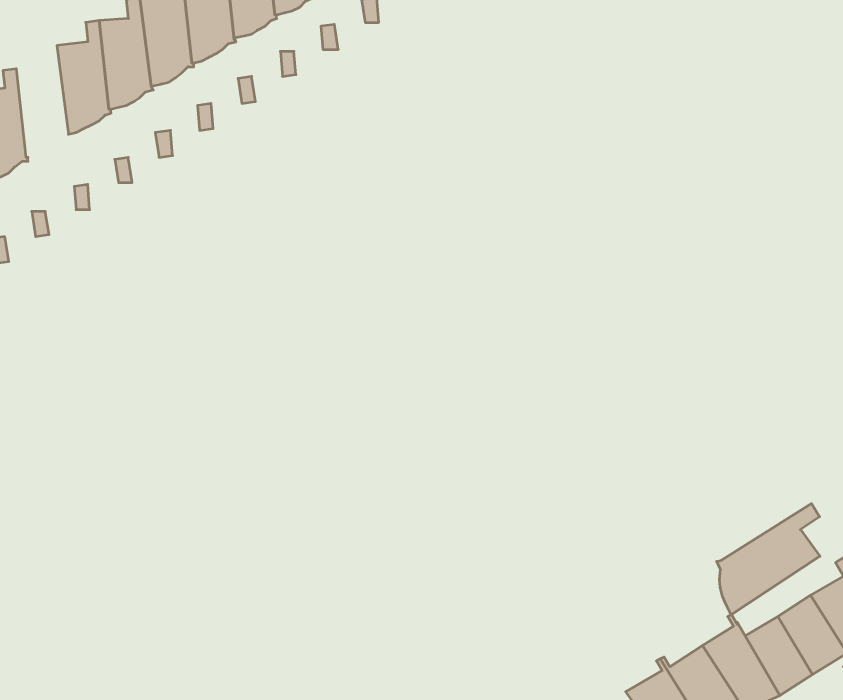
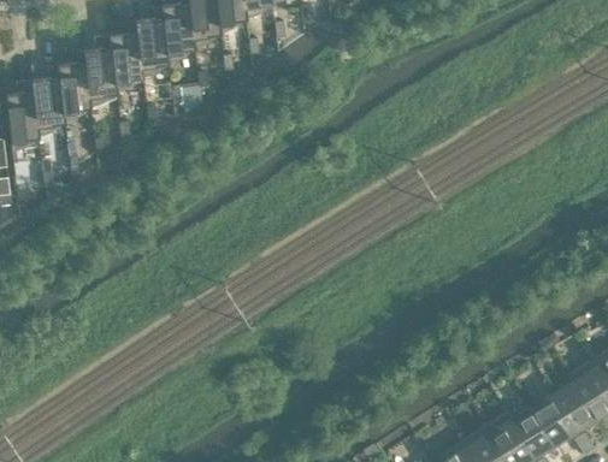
building: none -> [58,51,92,120]
building: [717,504,820,615] -> none

